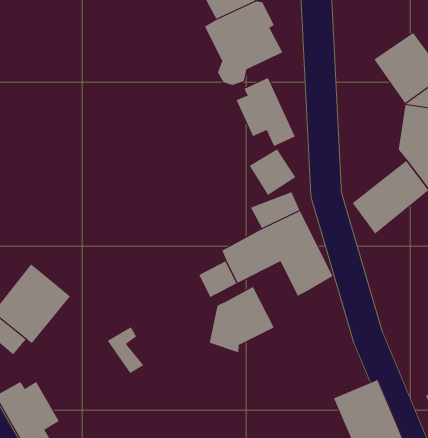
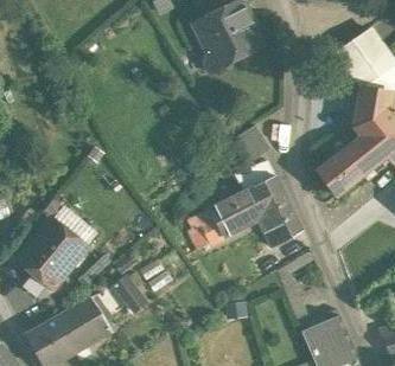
building: [236,77,295,147] -> none
building: [209,286,275,353] -> none
building: none -> [56,296,110,357]

